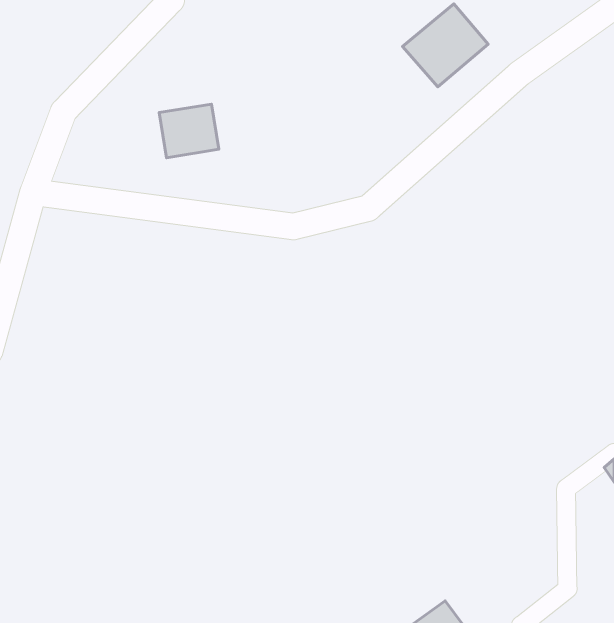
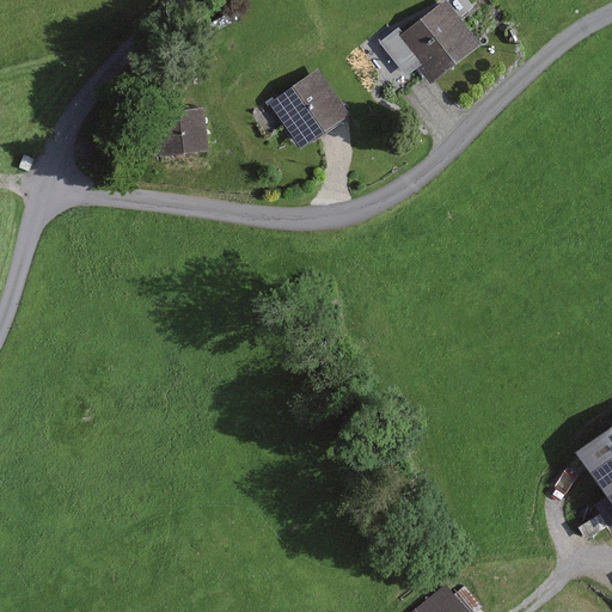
building: none -> [274,68,348,142]

